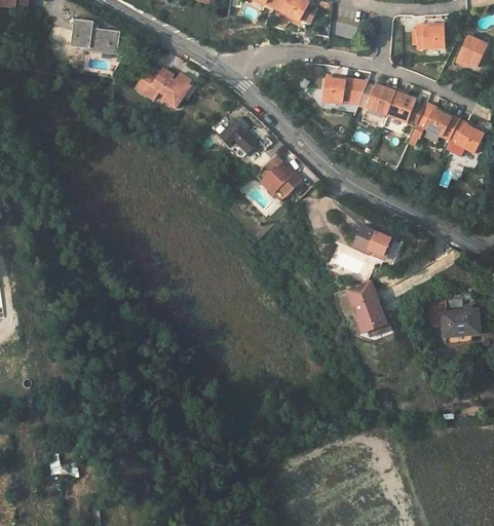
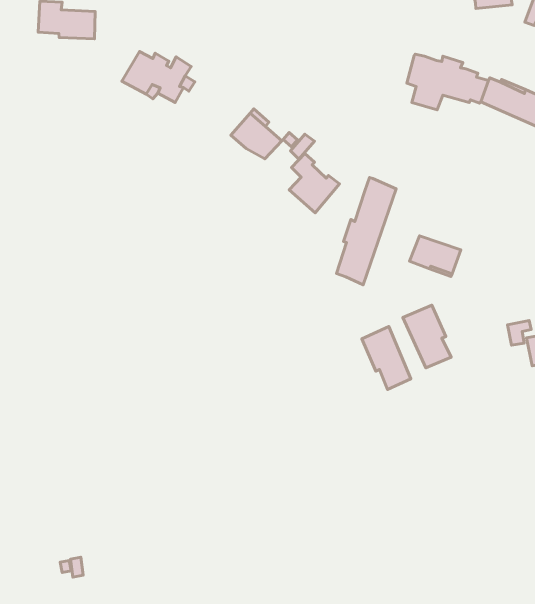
building: [324,78,367,105] -> none
building: none -> [337,177,396,285]
building: none -> [362,327,411,389]

